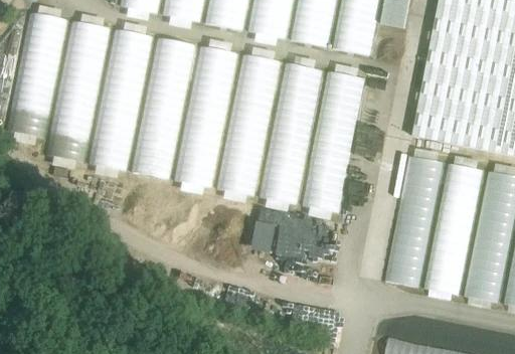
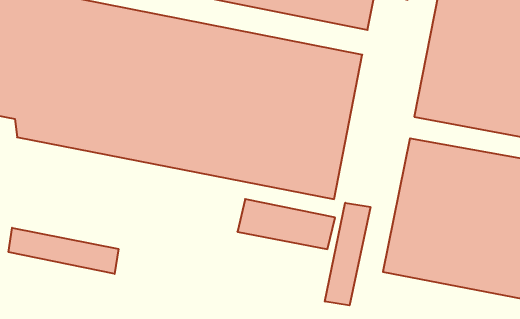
building: none -> [325,203,370,305]
building: none -> [9,228,118,274]

